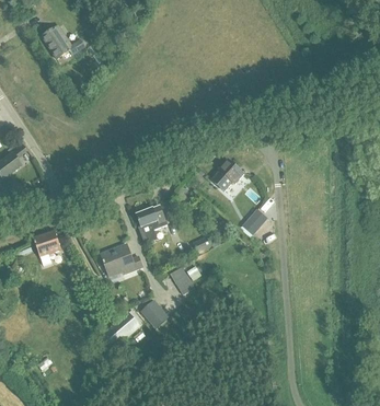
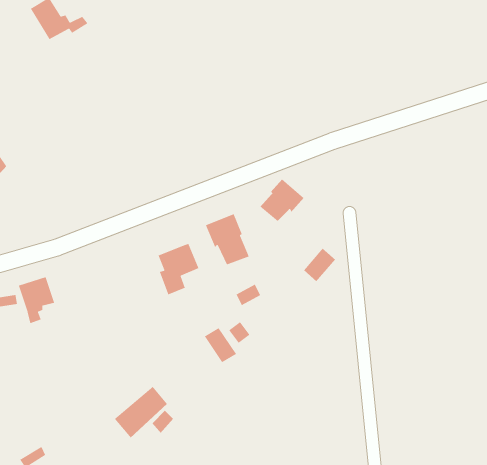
building: none -> [205,213,250,266]
building: [102,243,142,274] -> none
building: [141,297,172,327] -> none

